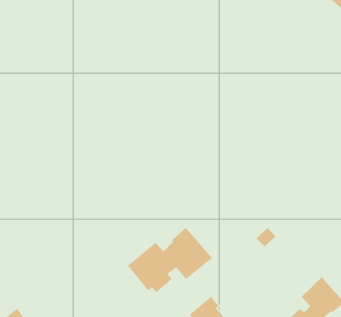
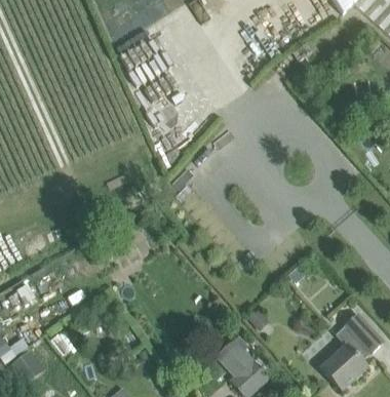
building: [127,227,213,293] -> none

